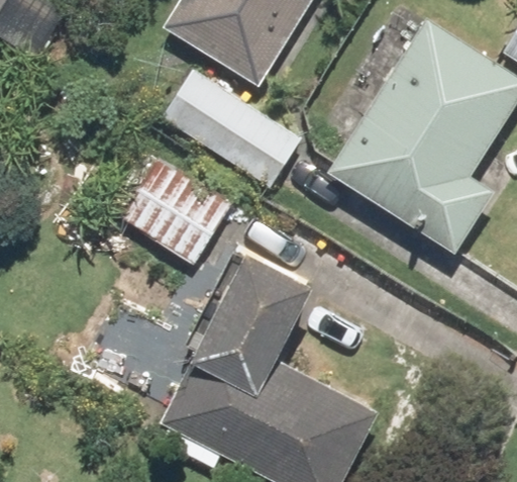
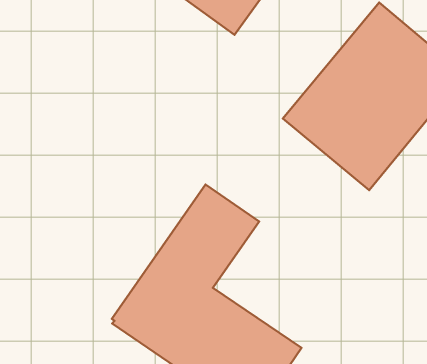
building: [161,69,301,190] -> none
building: [124,161,230,264] -> none

